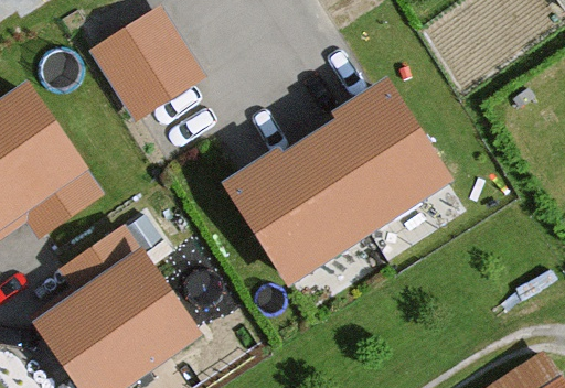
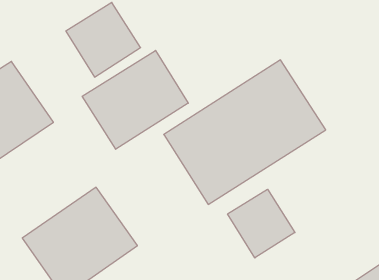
building: none -> [82,50,188,149]
building: none -> [228,189,295,258]

